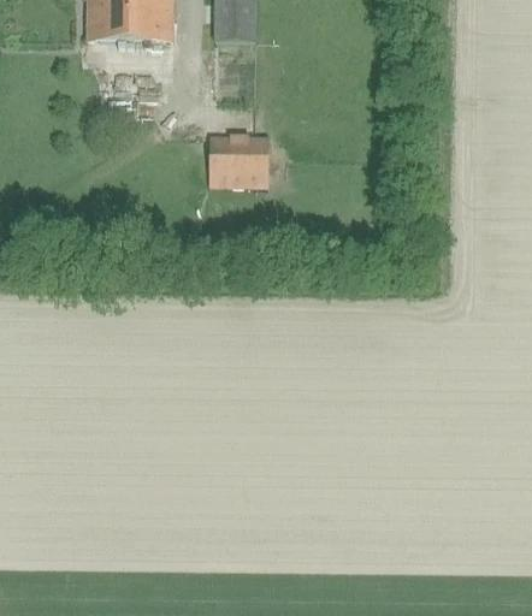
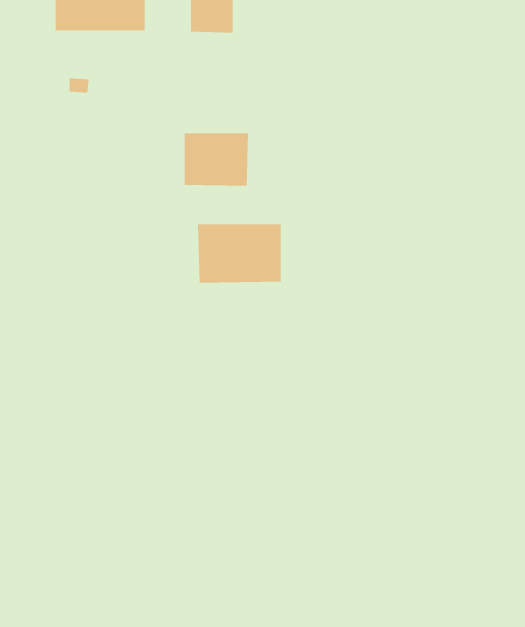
building: none -> [197,224,281,283]

